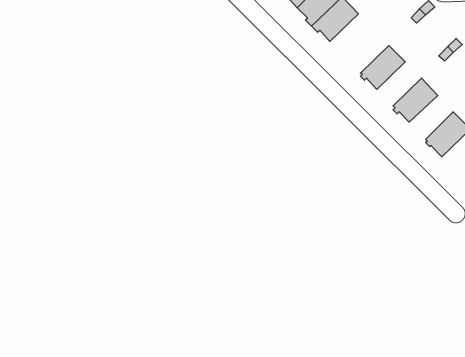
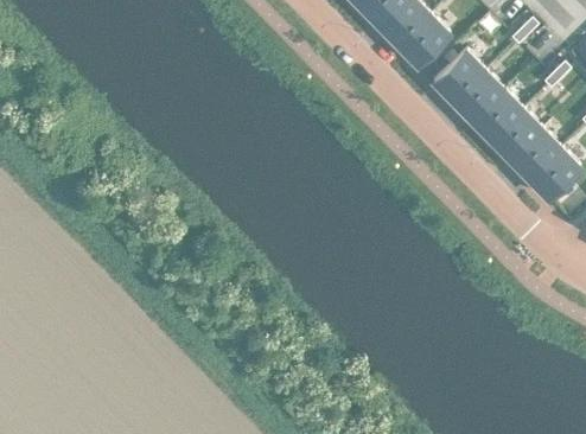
building: none -> [432,50,484,102]
building: none -> [470,89,522,140]
building: none -> [508,128,559,179]

